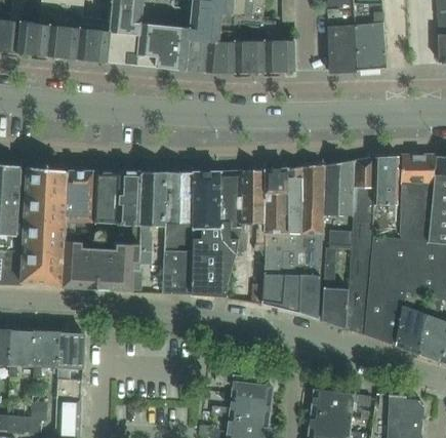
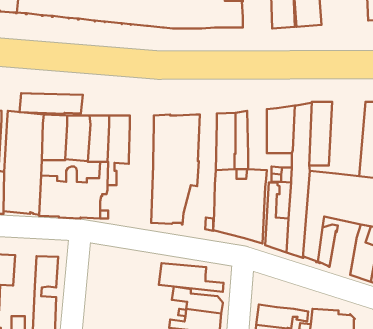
building: none -> [20,93,83,114]
building: [399,157,436,242] -> none
building: [300,165,323,235] -> none
building: [244,170,266,251] -> none
building: [162,172,194,295] -> none
building: [395,305,425,355] -> none
building: [32,331,59,379] -> none
building: none -> [159,263,224,292]

